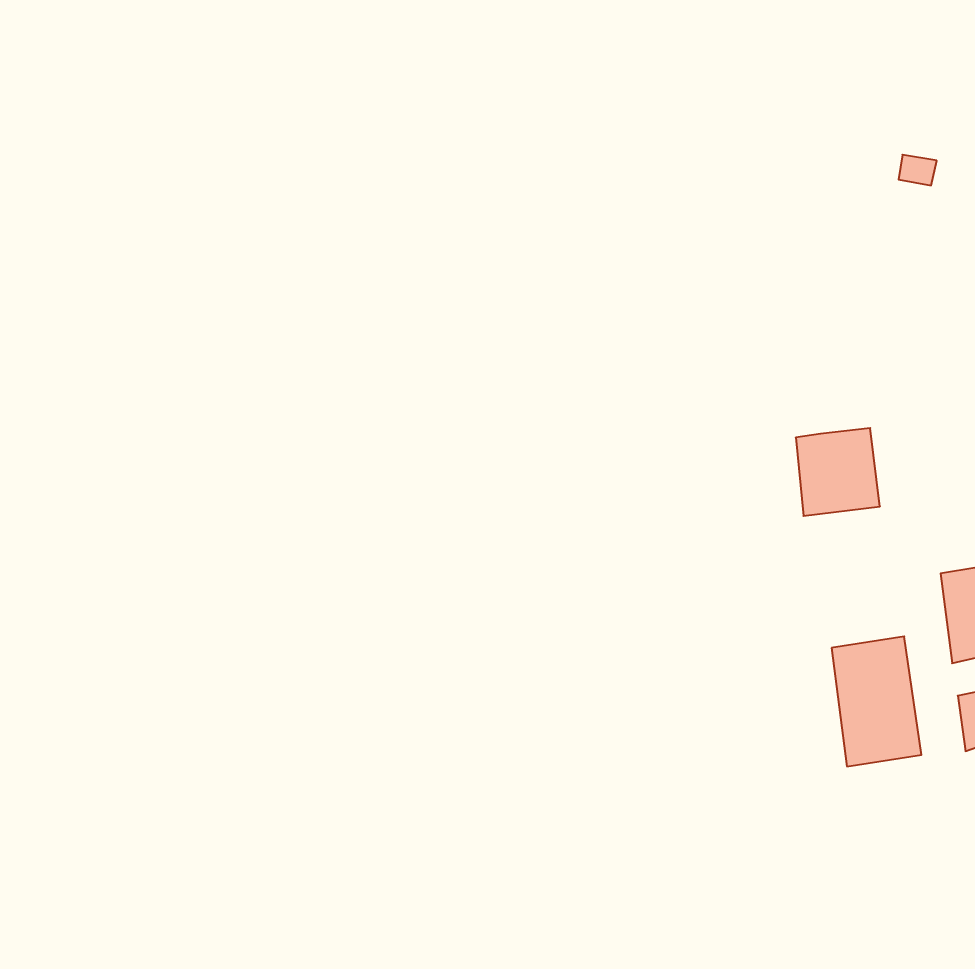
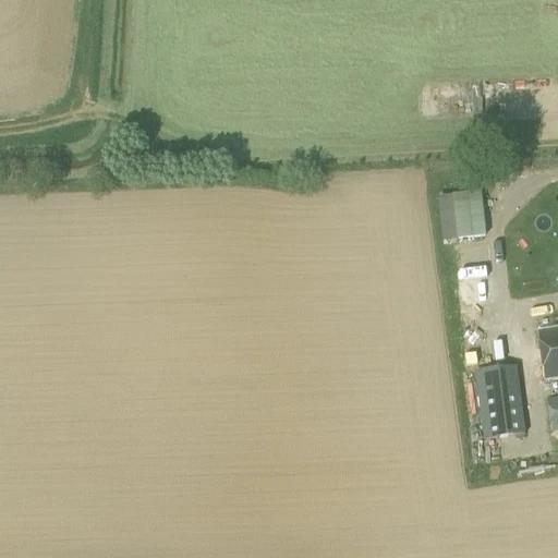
building: [796,428,880,516] -> [438,189,486,239]

